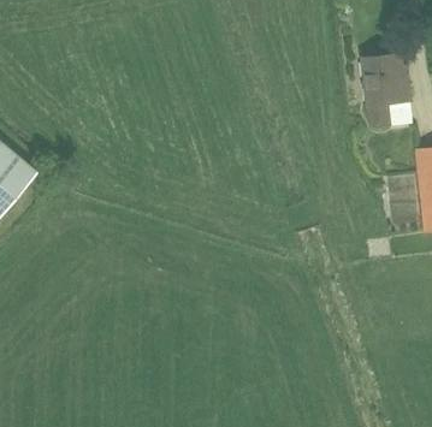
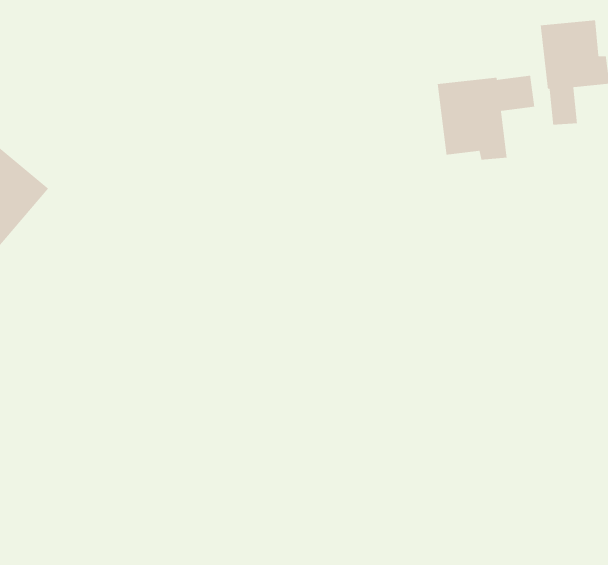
building: none -> [437,75,535,161]

